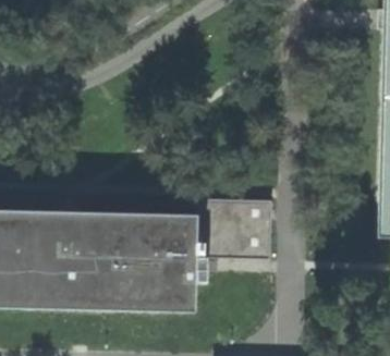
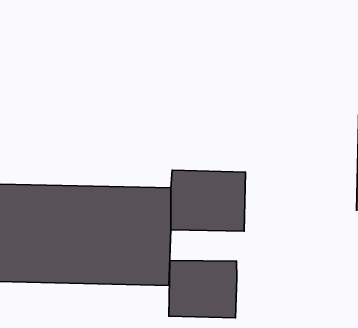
building: none -> [169,261,237,318]

